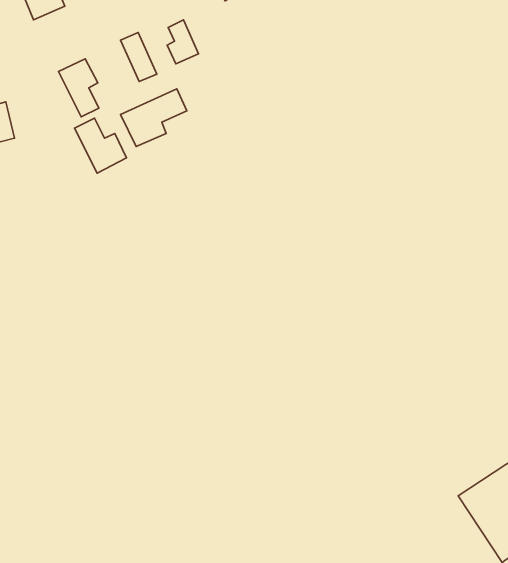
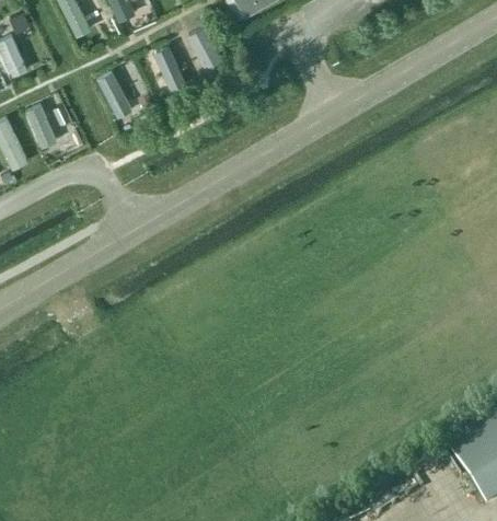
building: [121,89,187,147] -> none
building: [74,118,126,173] -> none

